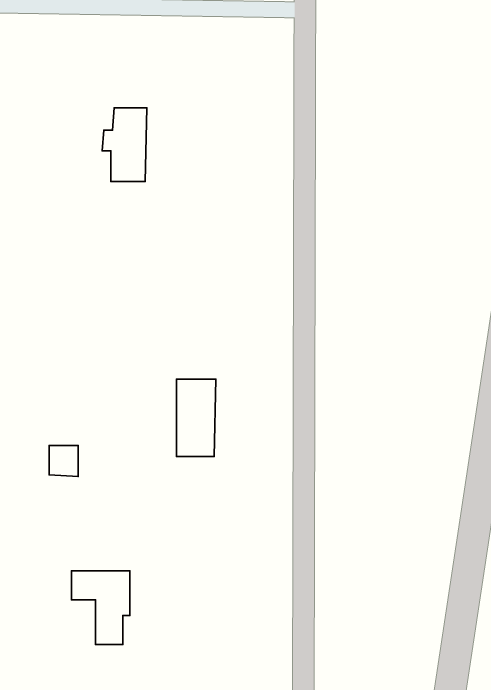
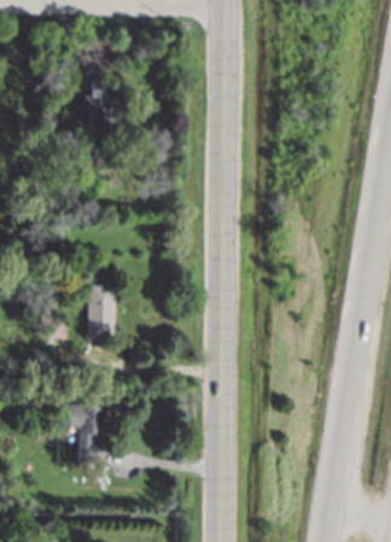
building: [176,379,216,456] -> [87,284,115,338]

